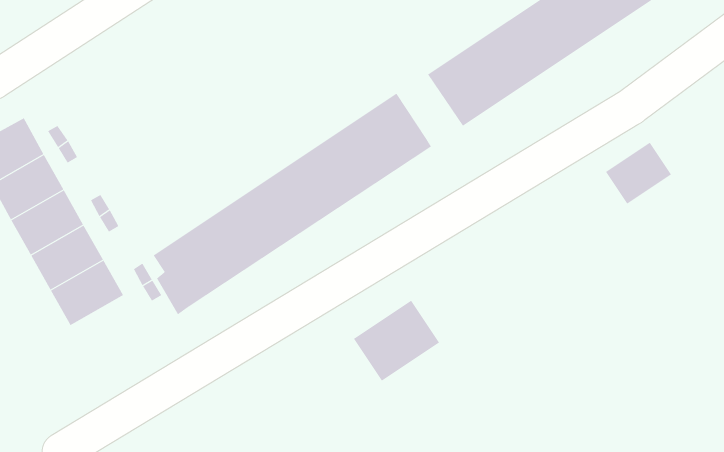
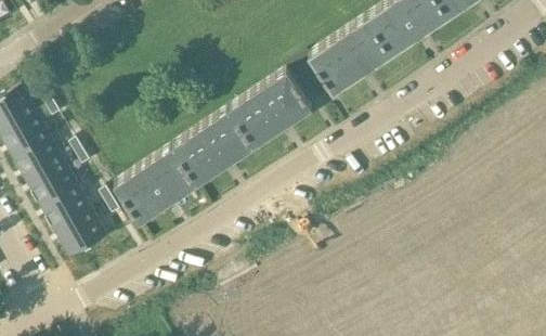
building: [605,142,672,204] -> none
building: none -> [57,212,110,260]
building: [353,300,440,381] -> none

